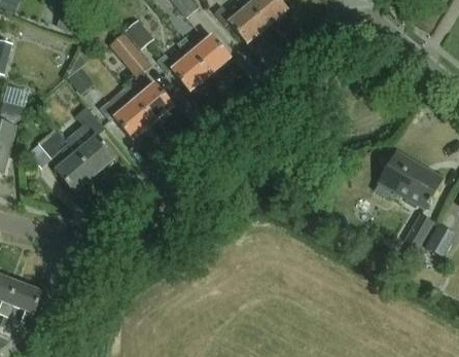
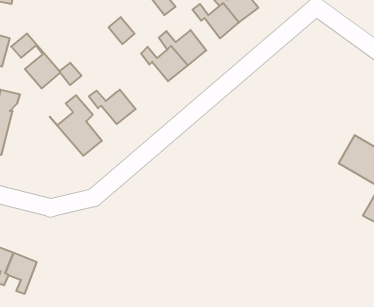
building: [106,32,148,77] -> none
building: [120,82,174,121] -> none
building: [40,130,95,190] -> [11,34,60,88]

